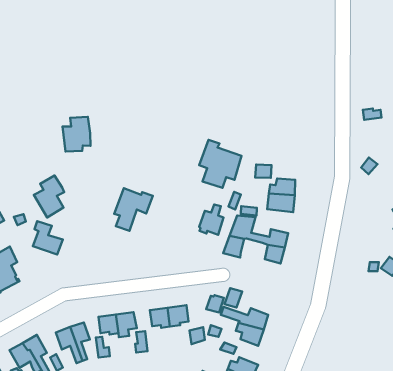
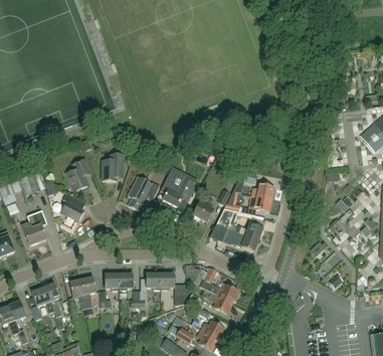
building: [62,117,90,152] -> [103,154,124,181]
building: [199,140,241,188] -> [162,167,196,206]

